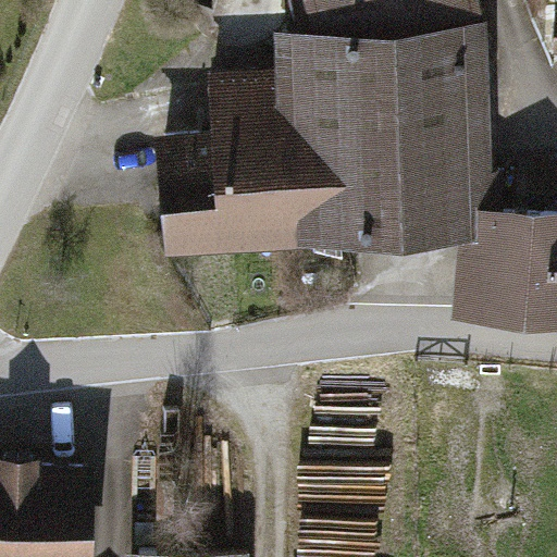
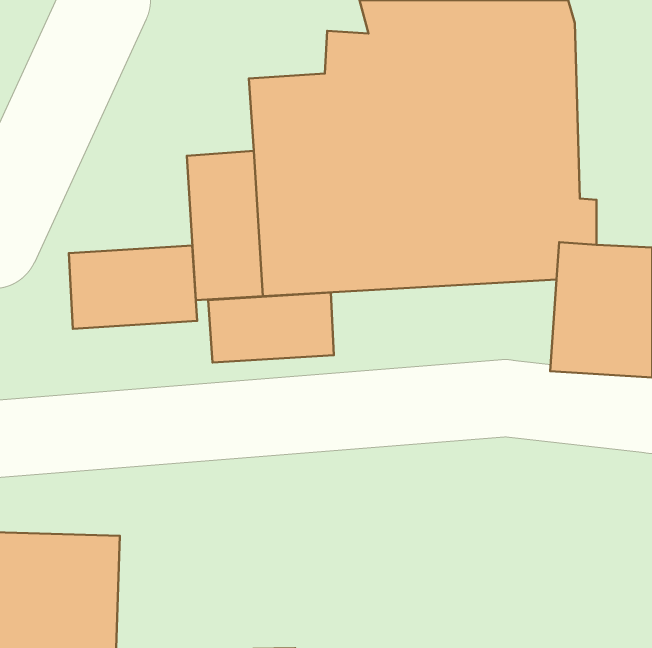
building: none -> [69,246,197,329]
building: none -> [208,292,334,363]

